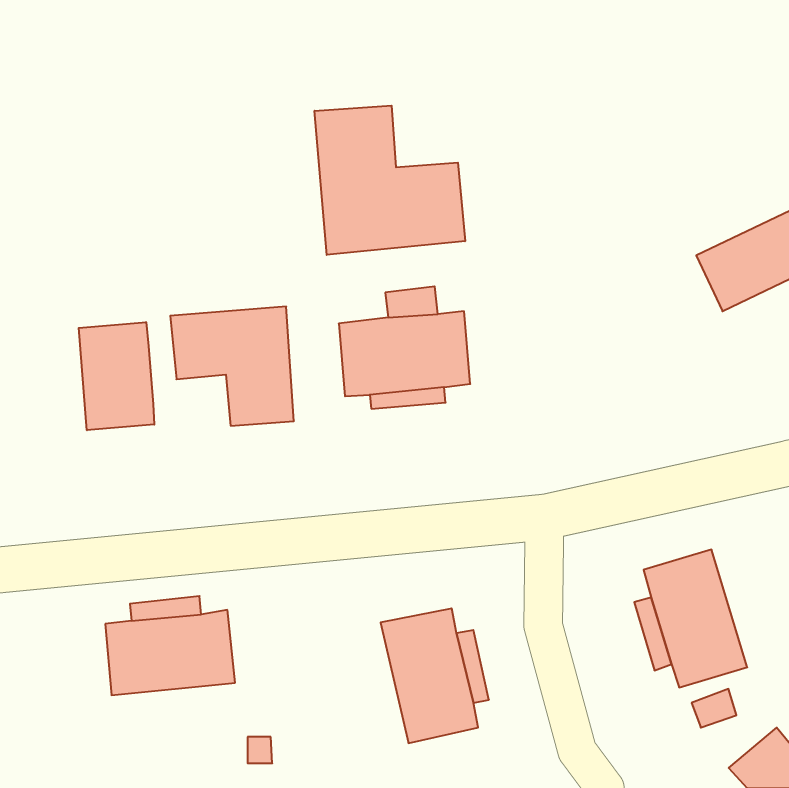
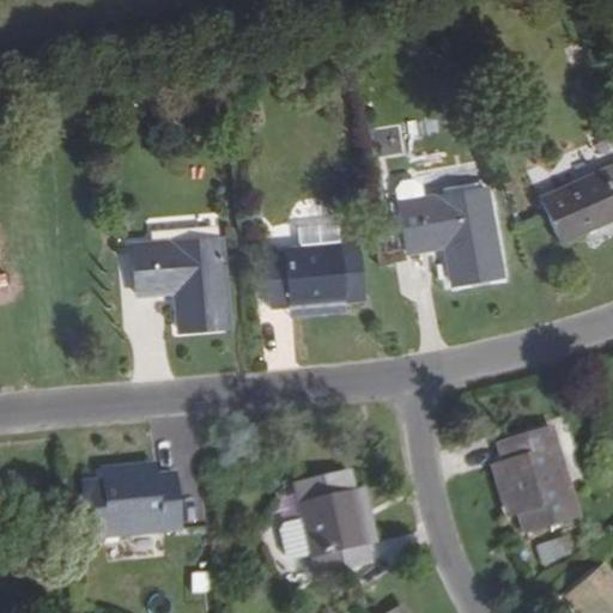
building: [315,106,465,255] -> none
building: none -> [400,187,503,283]
building: [79,322,154,430] -> none

